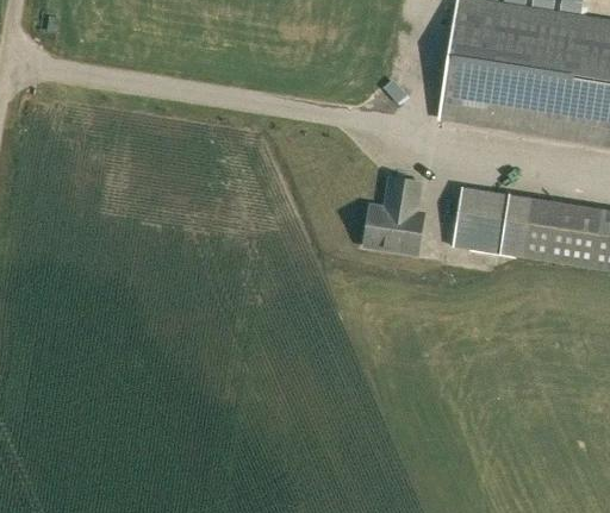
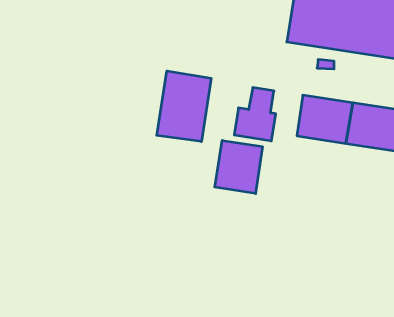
building: none -> [157,71,211,142]
building: none -> [215,140,262,194]

